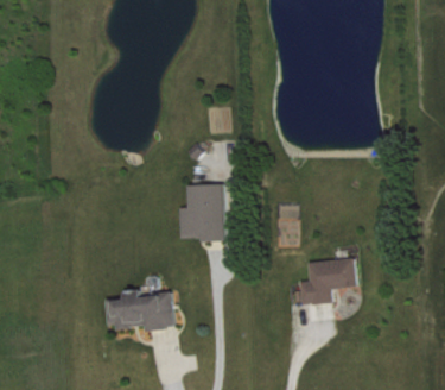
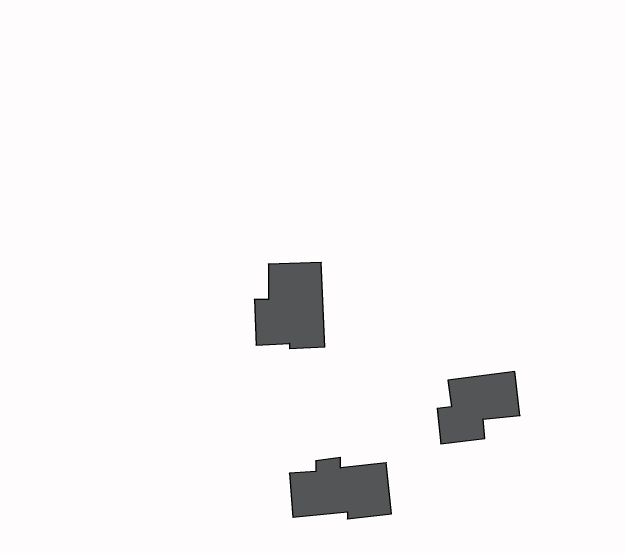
building: [106,289,174,331] -> [289,457,391,519]

